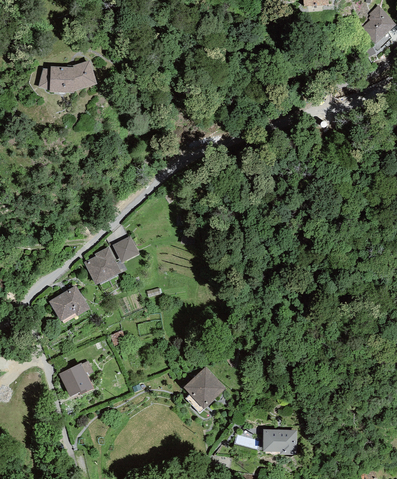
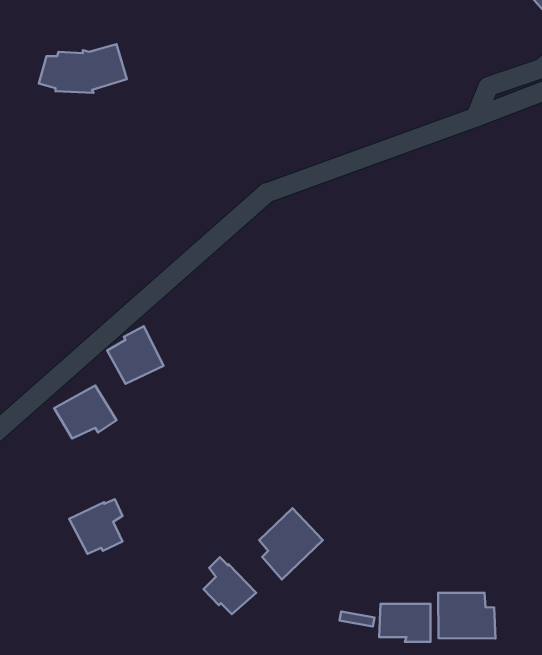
building: [113,235,140,261] -> none
building: none -> [203,557,256,614]
building: none -> [438,593,495,638]

